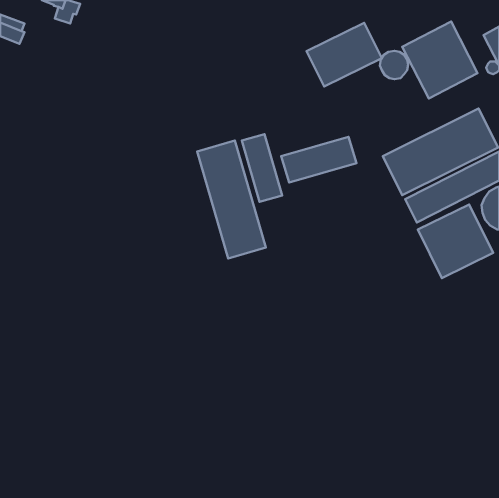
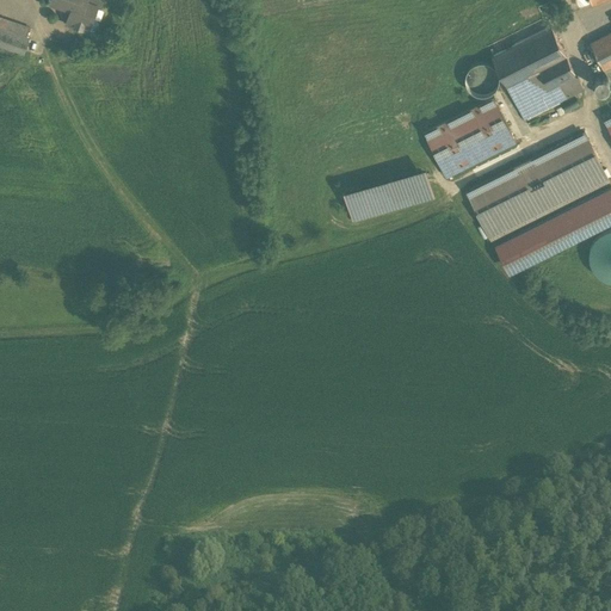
building: [306,23,382,86] -> [424,100,516,178]
building: [242,134,282,202] -> none
building: [197,140,266,258] -> none
building: [418,204,493,278] -> none

